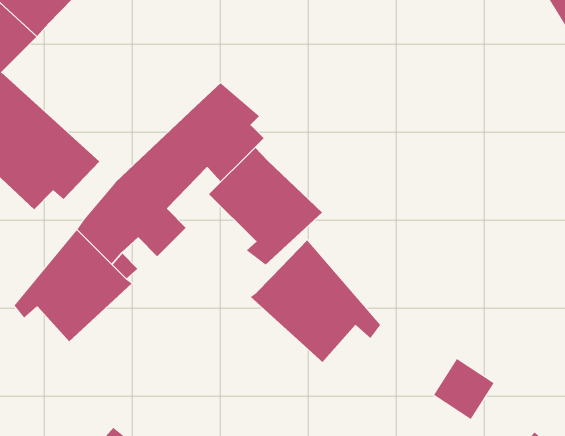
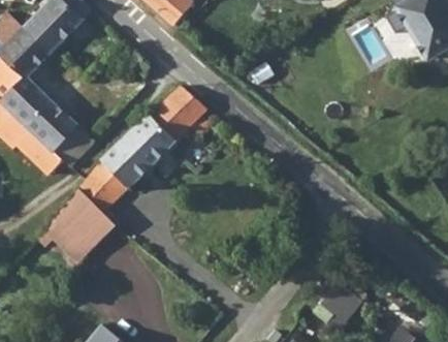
building: [208,147,323,266] -> none
building: [250,239,381,363] -> none

